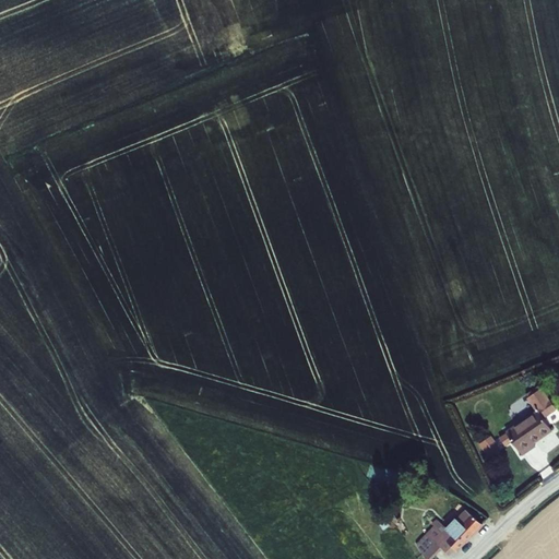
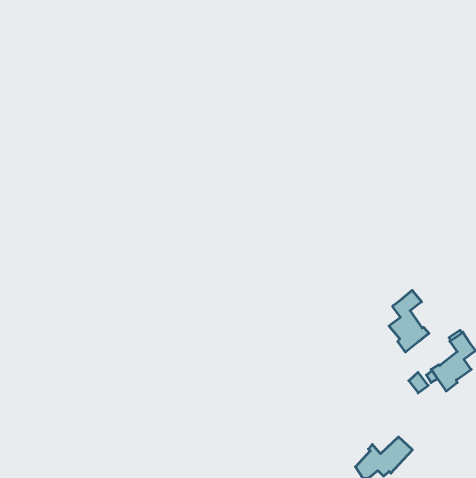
building: none -> [389,290,429,352]

